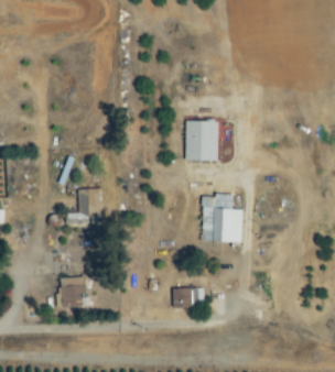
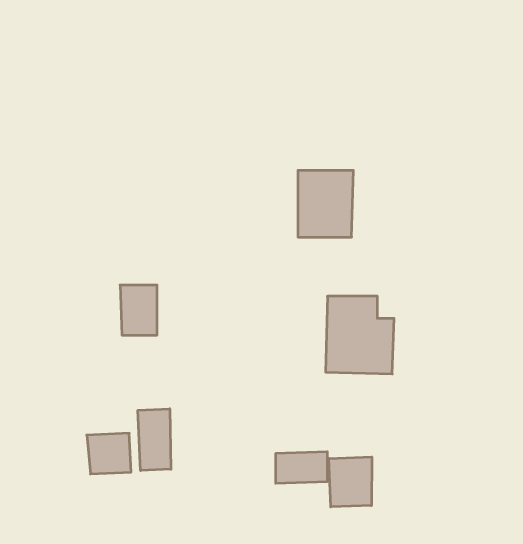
building: none -> [138,409,171,471]
building: none -> [329,457,372,507]

